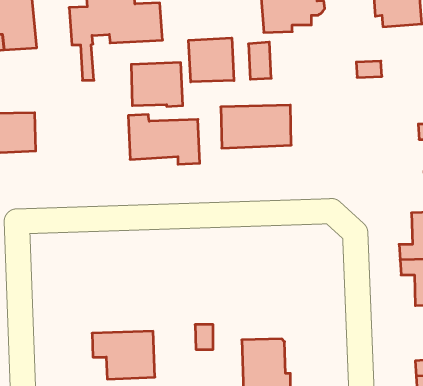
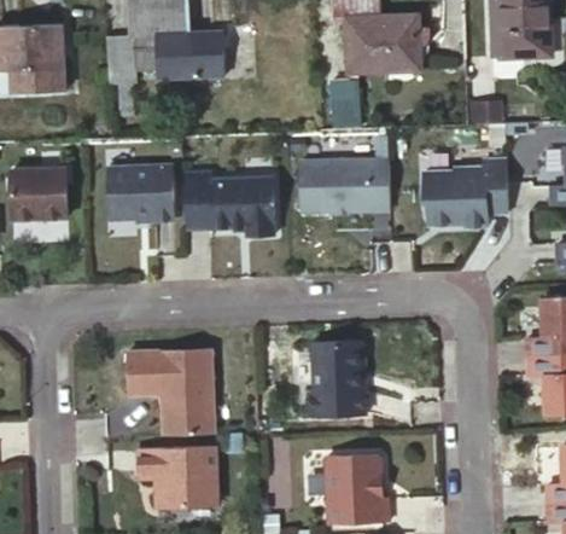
building: [189,38,234,82] -> none
building: [131,63,183,106] -> [106,164,171,220]
building: none -> [422,161,507,227]
building: none -> [307,339,364,416]
building: none -> [127,349,212,435]

